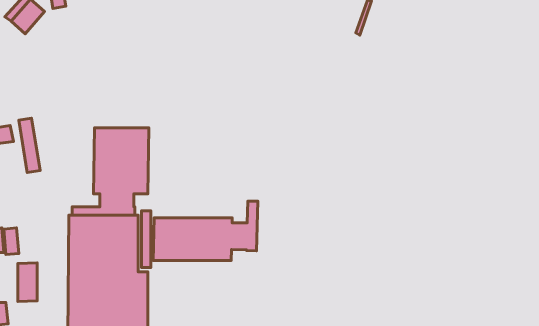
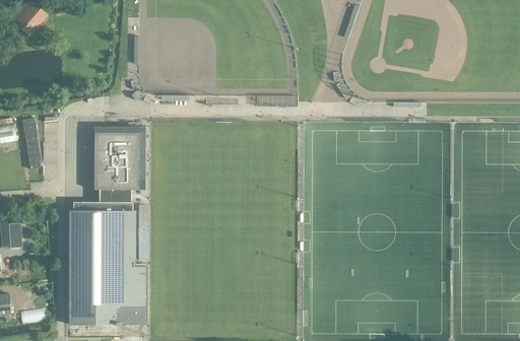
building: [153,201,258,260] -> none
building: [18,263,37,302] -> none

